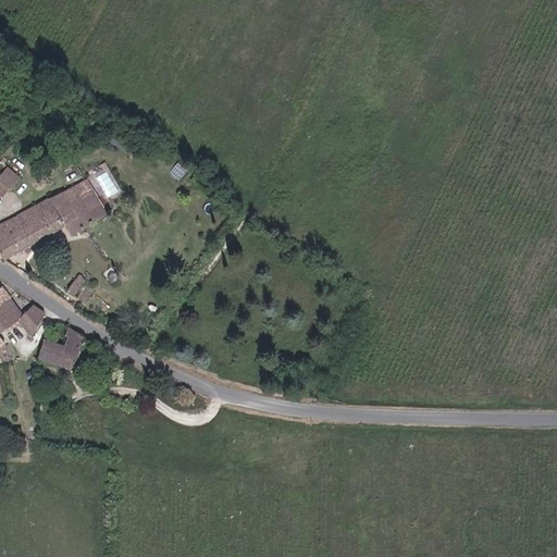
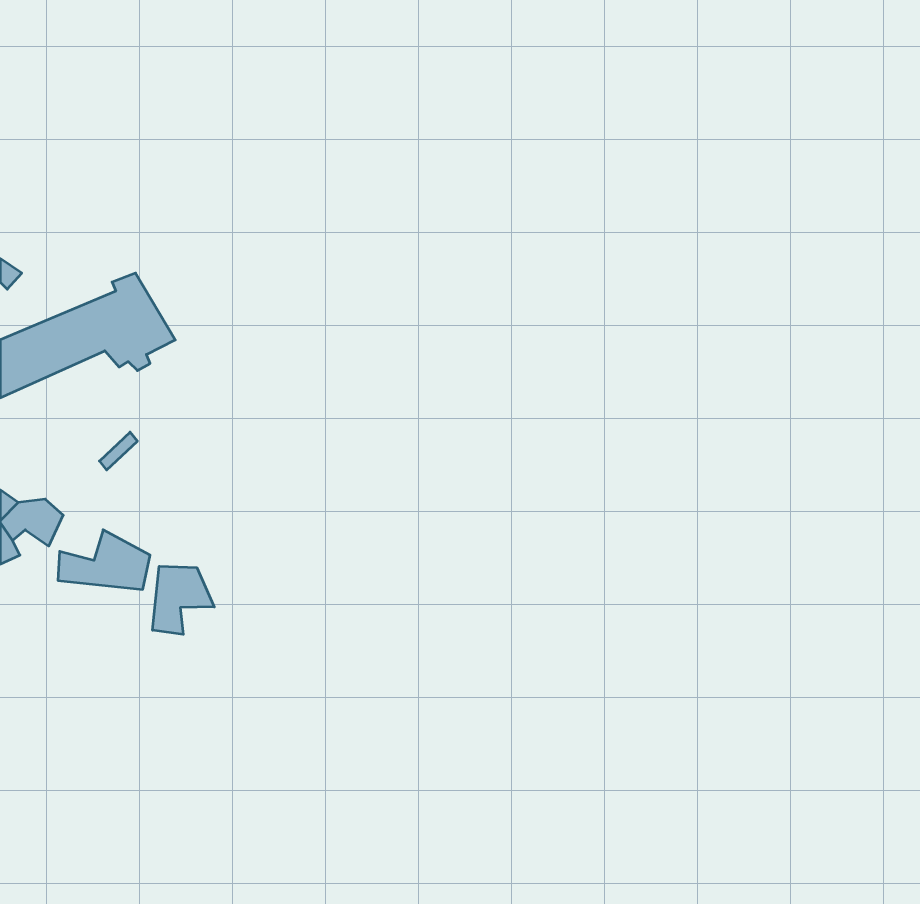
building: none -> [153,566,214,634]

